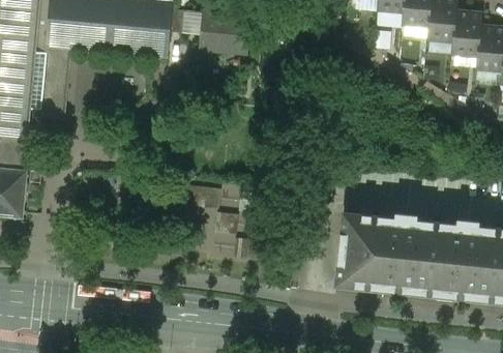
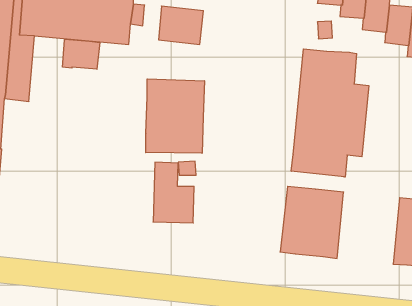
building: none -> [63,39,100,69]
building: none -> [291,49,369,177]
building: none -> [146,79,204,153]
building: [400,218,469,298] -> none

